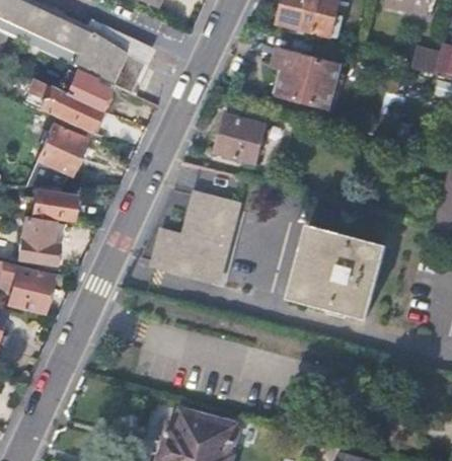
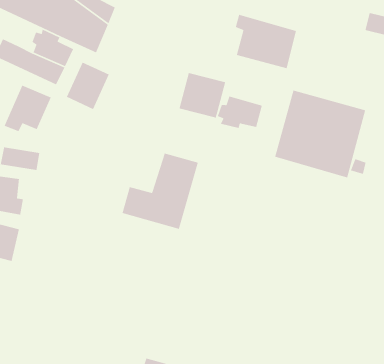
building: none -> [66,61,110,110]
building: none -> [217,95,263,129]
building: [288,225,384,318] -> [274,89,366,178]

